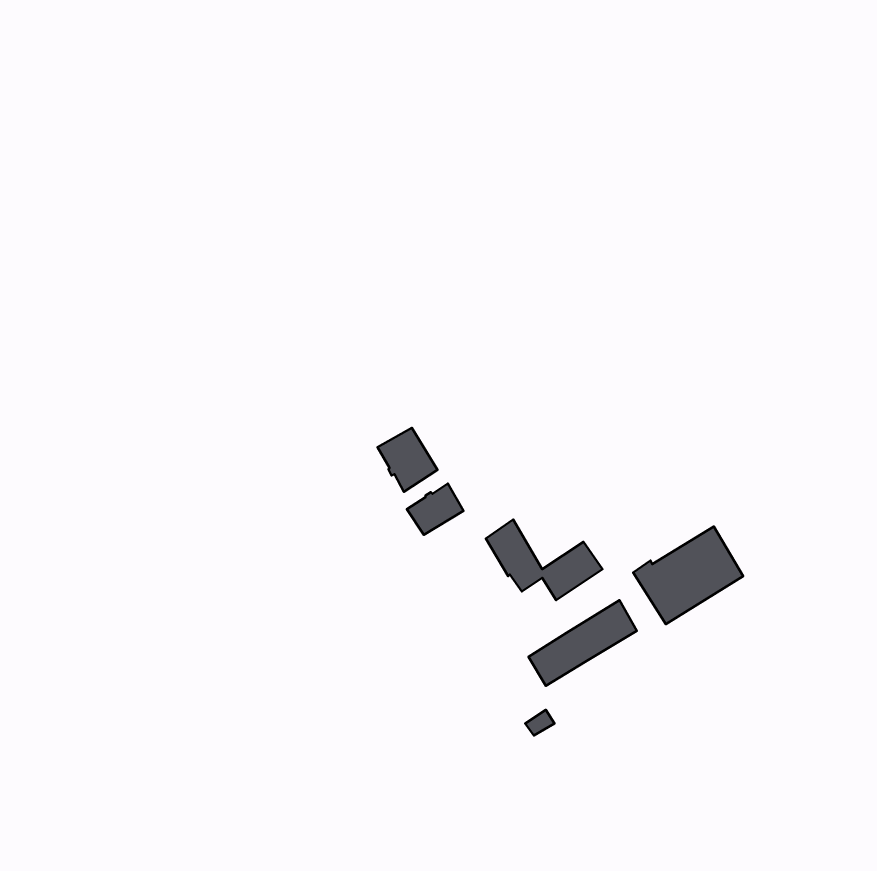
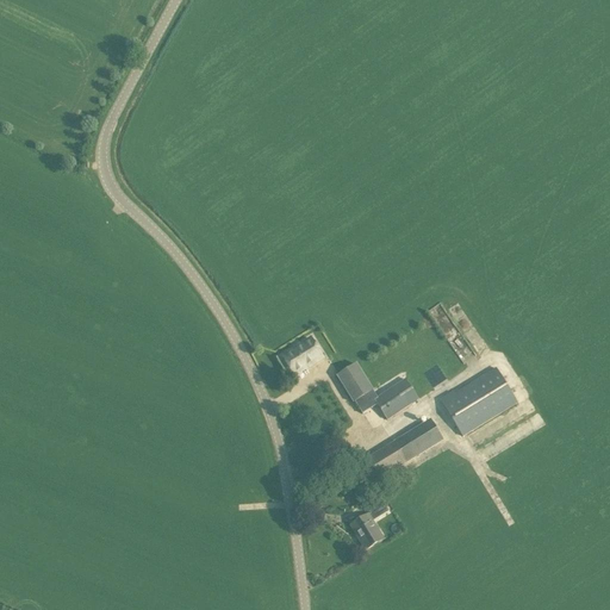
building: [378,428,437,492] -> none
building: none -> [350,512,382,548]

